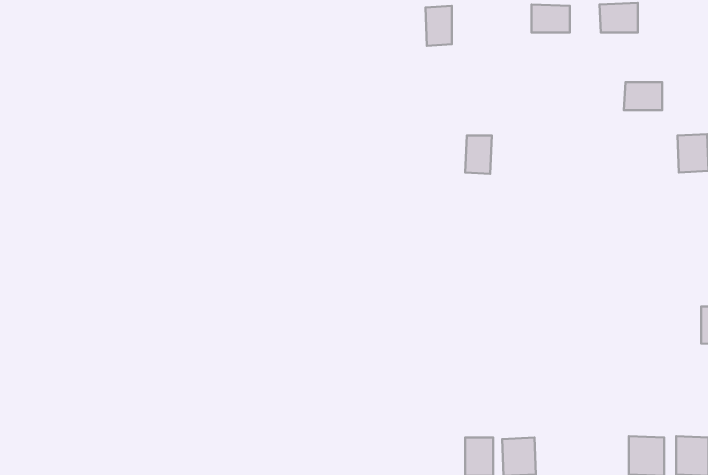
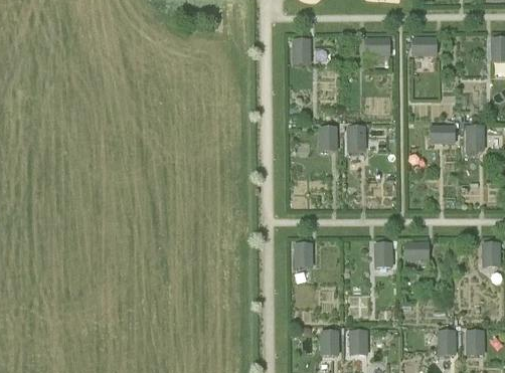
building: [624,82,662,110] -> [430,124,456,143]
building: none -> [345,124,367,151]
building: none -> [371,241,393,268]
building: none -> [403,241,430,261]
building: none -> [293,243,315,268]

